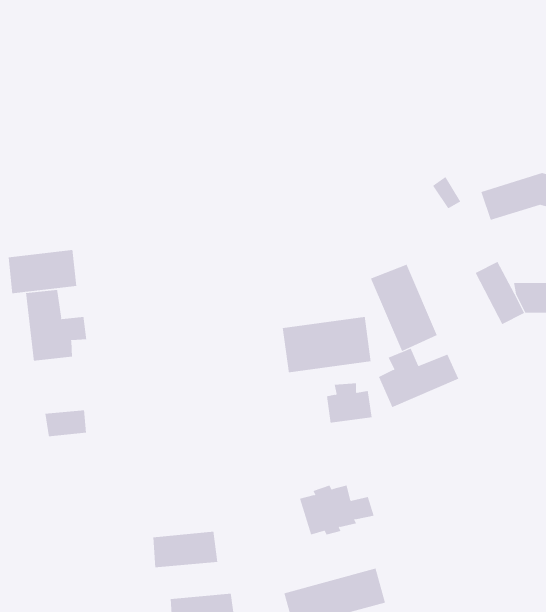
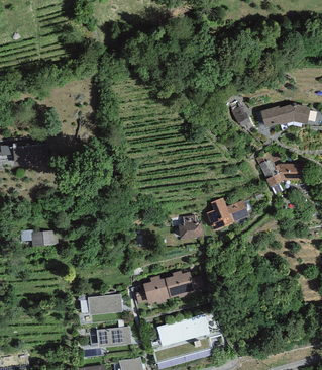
building: [370,264,437,352] -> none
building: [25,289,87,361] -> none
building: [282,316,371,373] -> none
building: none -> [136,275,171,303]

